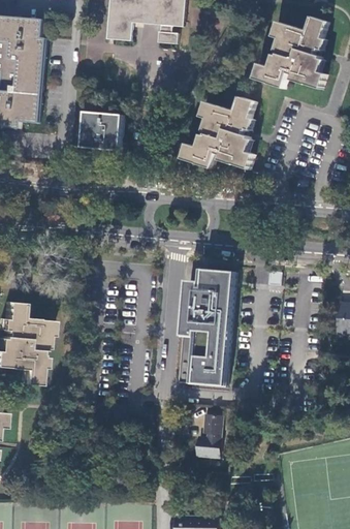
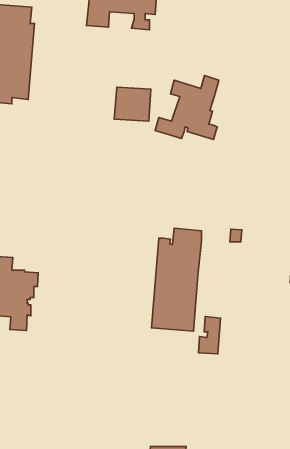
building: [254,15,327,88] -> none
building: [82,112,123,150] -> [114,87,151,121]
building: [197,413,222,456] -> [199,316,221,354]

